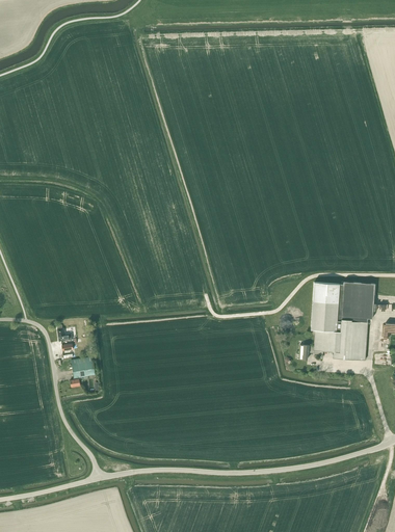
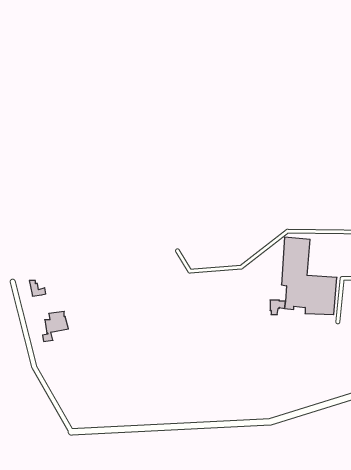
building: [341,282,374,318] -> none

